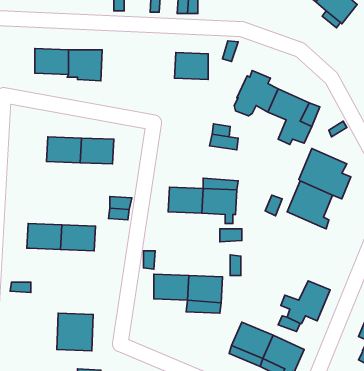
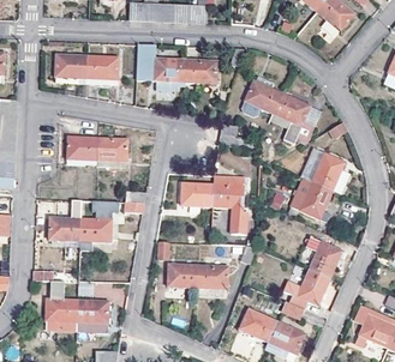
building: none -> [134,43,186,90]
building: none -> [305,236,341,277]
building: none -> [46,297,77,332]

